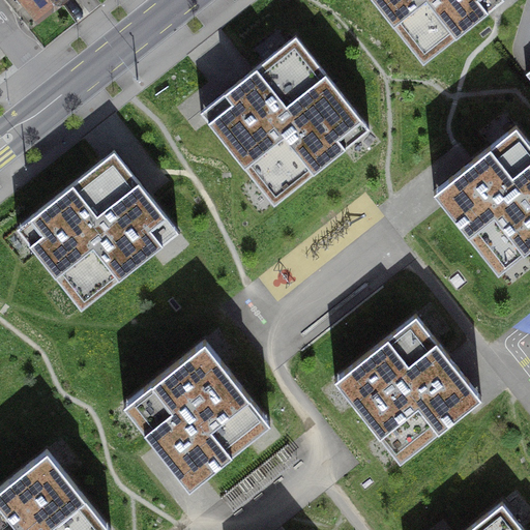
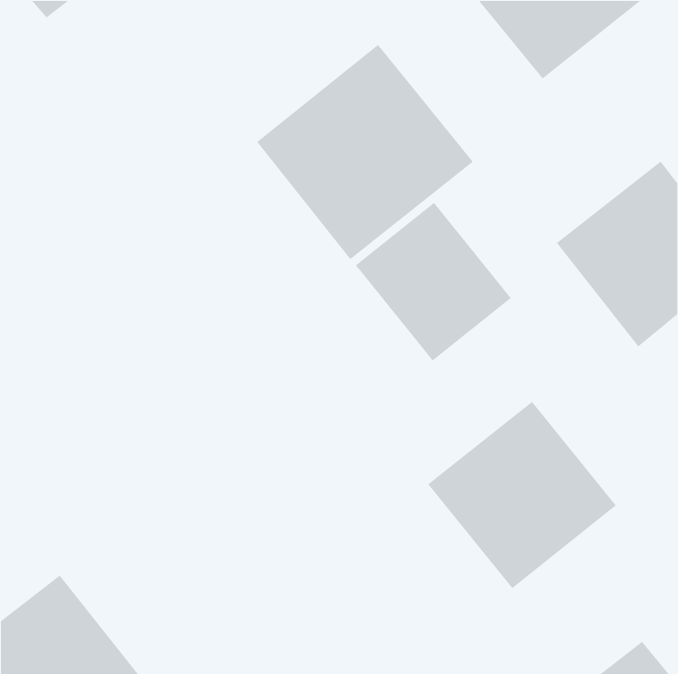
building: [17,153,178,311] -> none
building: none -> [355,202,512,361]
building: [123,341,270,490] -> none

